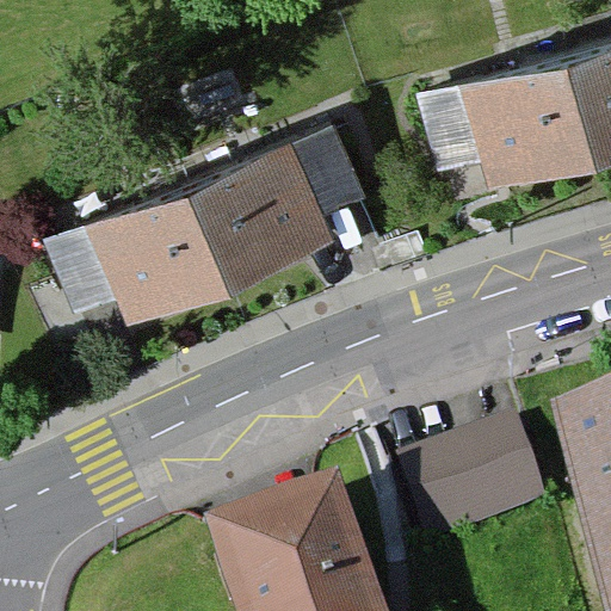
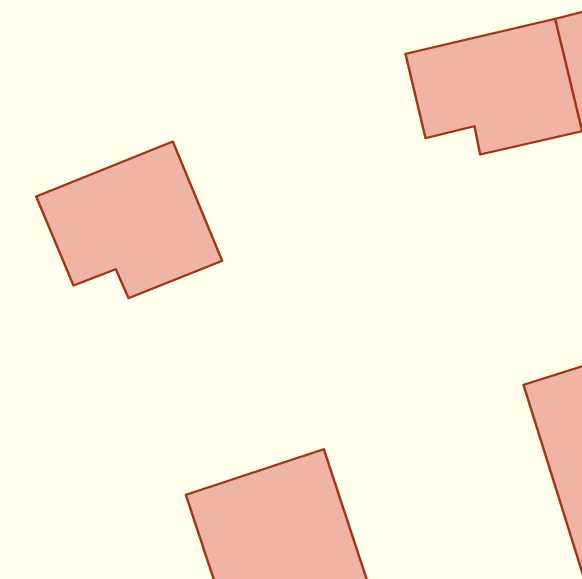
building: [192,104,366,285] -> none
building: [406,427,555,553] -> none

